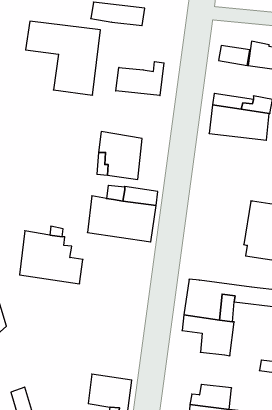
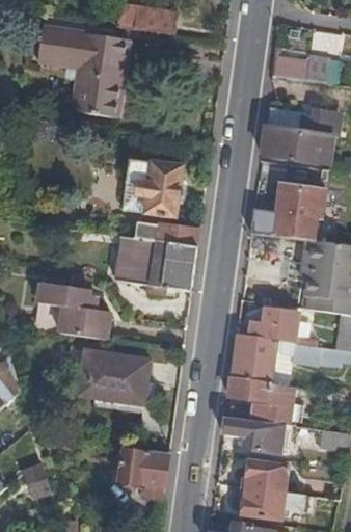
building: [116,62,164,96] -> none
building: none -> [249,180,320,241]
building: none -> [248,309,312,344]
building: none -> [76,352,146,404]
building: none -> [221,419,278,450]

